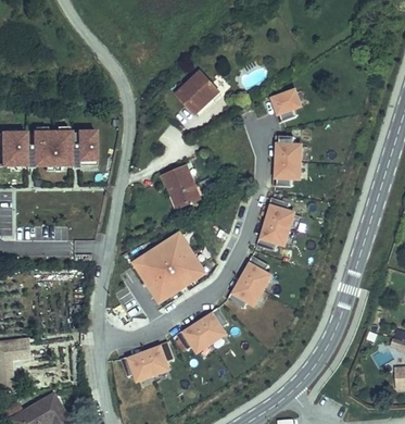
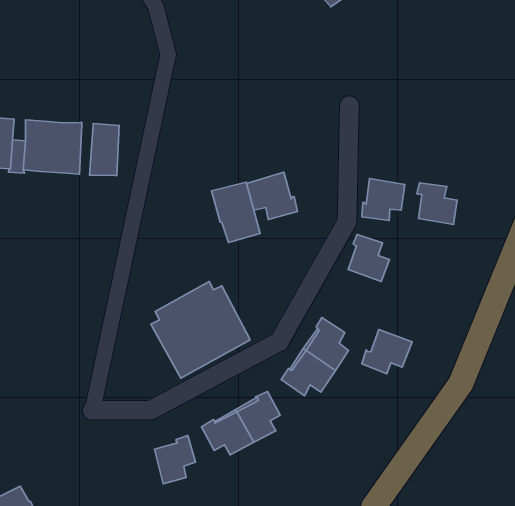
building: [180,71,224,115] -> none
building: [269,88,298,122] -> none
building: [271,135,299,161] -> [417,183,457,224]
building: none -> [246,172,297,219]
building: [254,221,287,250] -> [362,330,412,374]
building: [117,351,151,381] -> none

